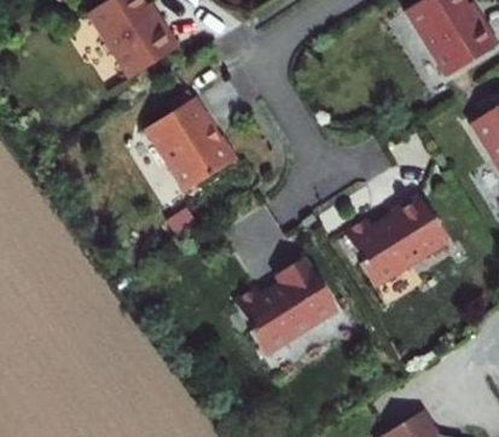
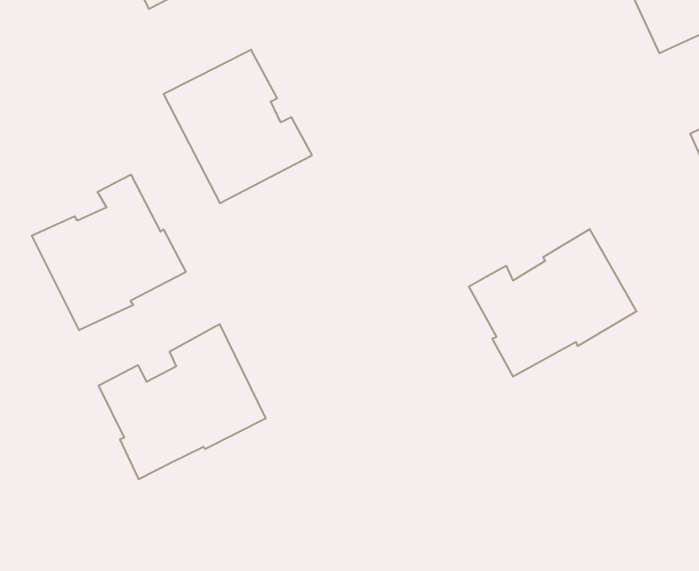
building: none -> [32,175,186,330]
building: [234,254,337,351] -> [99,324,266,479]

